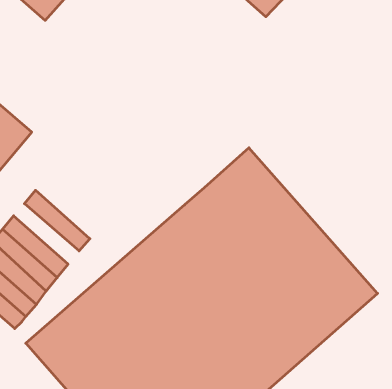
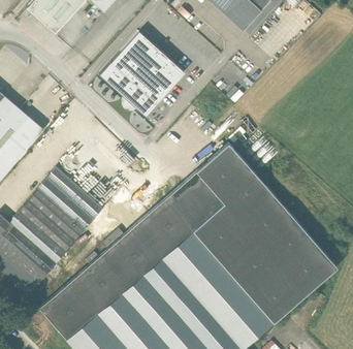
building: none -> [95,35,181,121]
building: none -> [46,166,102,219]
building: none -> [28,189,84,241]

